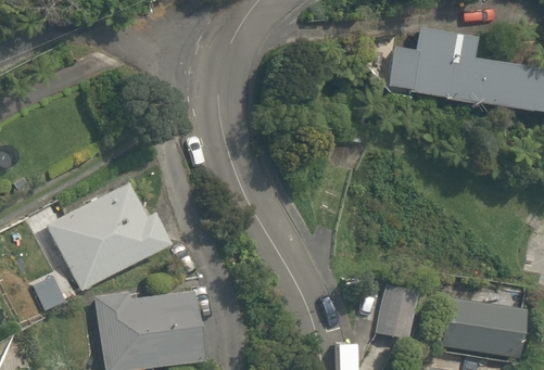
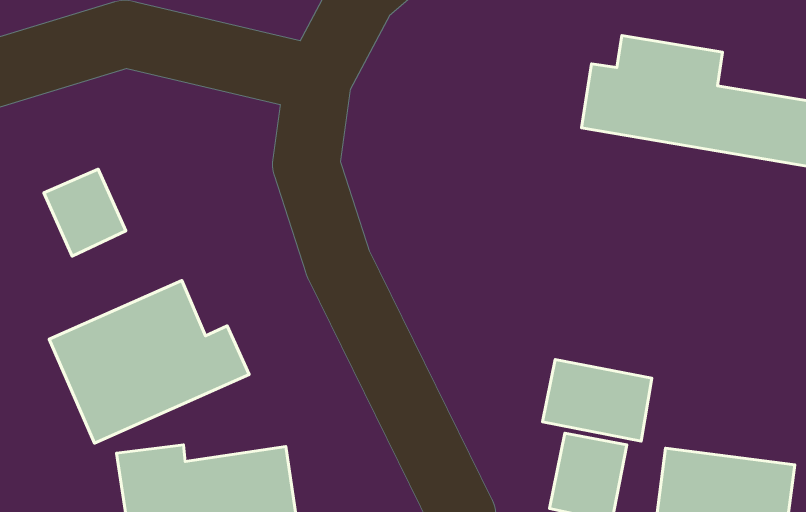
building: none -> [44,169,126,256]
building: none -> [542,360,652,441]

